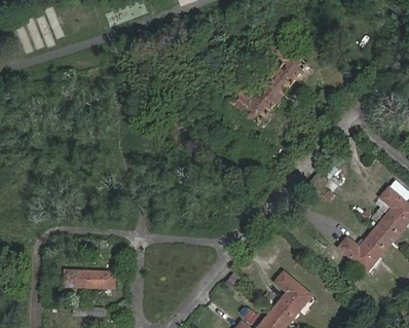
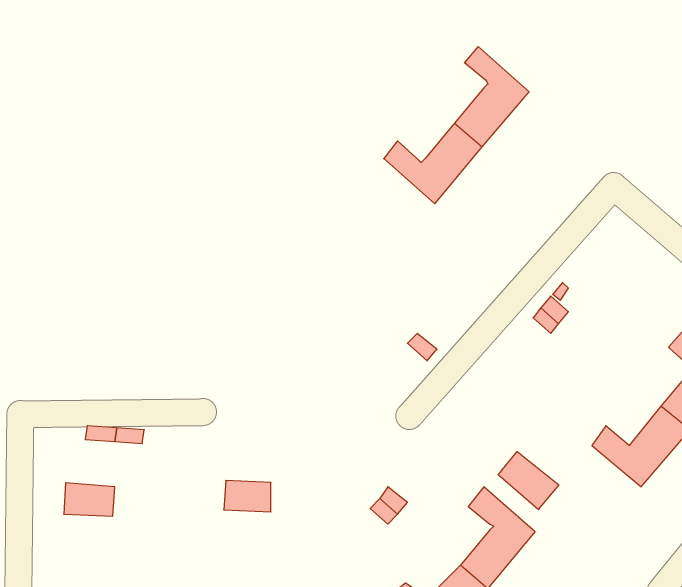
building: none -> [498,452,559,510]
building: [89,270,114,287] -> [224,480,271,512]

